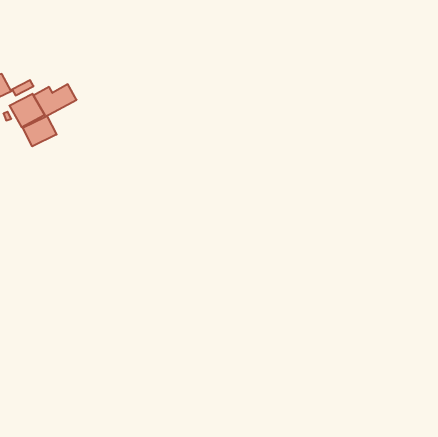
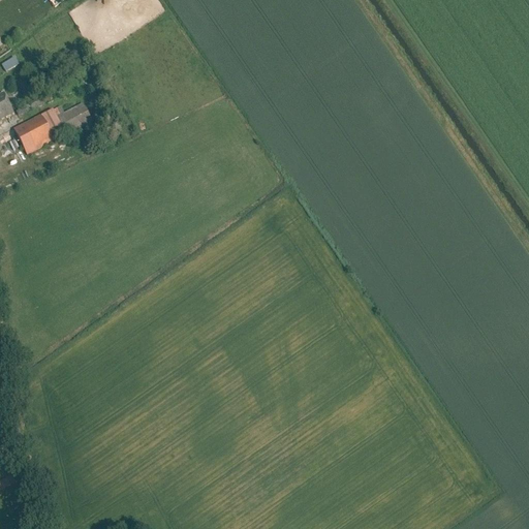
building: [23,116,57,146] -> none

